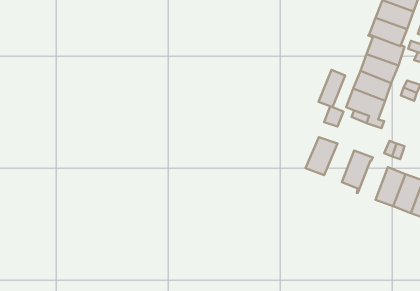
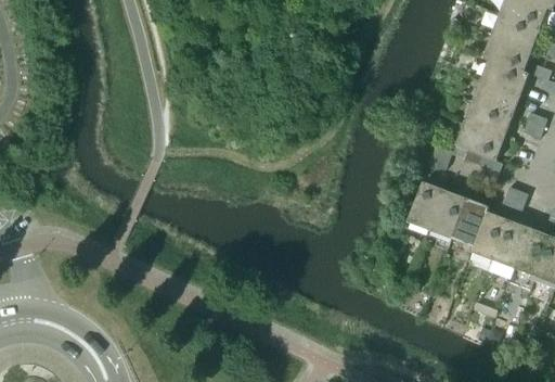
building: [319,70,345,107] -> none
building: none -> [429,190,466,238]
building: none -> [470,212,507,259]

